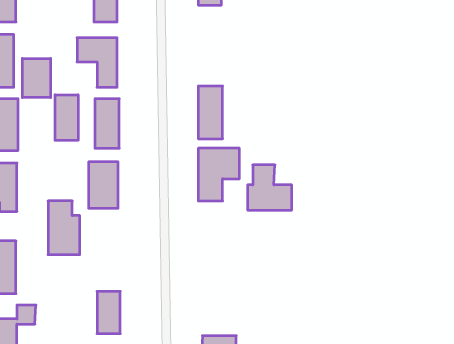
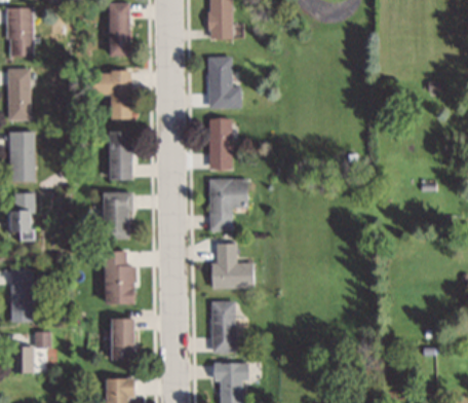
building: none -> [208,57,242,108]
building: [22,58,51,98] -> none
building: [55,95,78,140] -> none
building: [248,165,292,210] -> [210,244,254,288]
building: [48,201,80,255] -> [103,251,133,303]
building: none -> [211,301,235,353]

